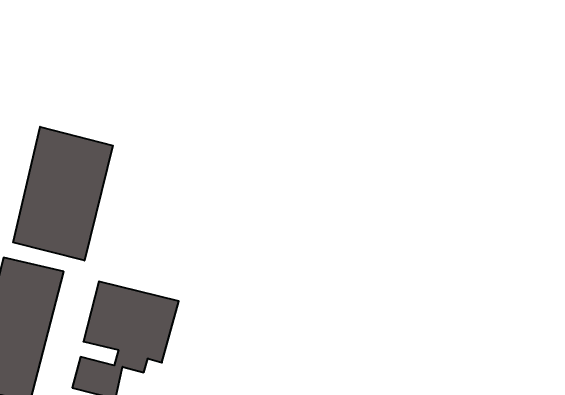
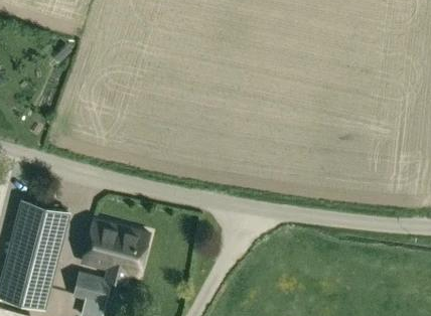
building: [13,127,113,261] -> none

